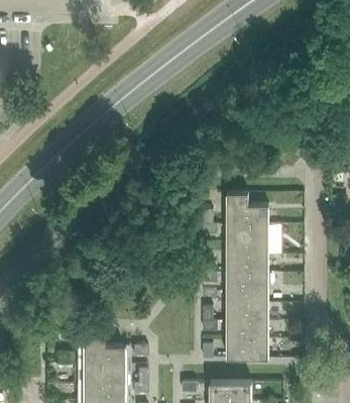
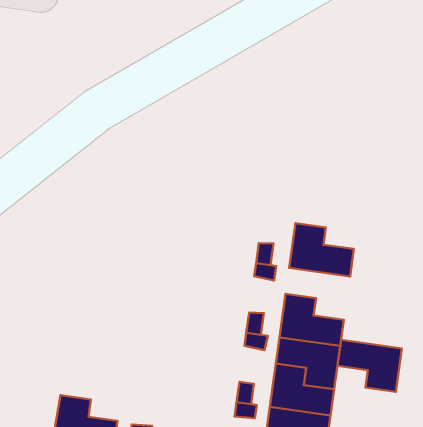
building: [226,227,268,258] -> [337,340,402,392]

